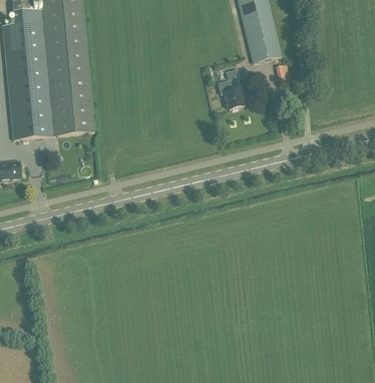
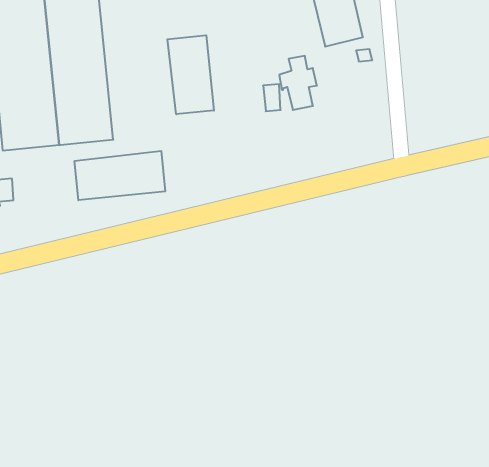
building: none -> [167,35,214,114]
building: none -> [75,151,165,200]

